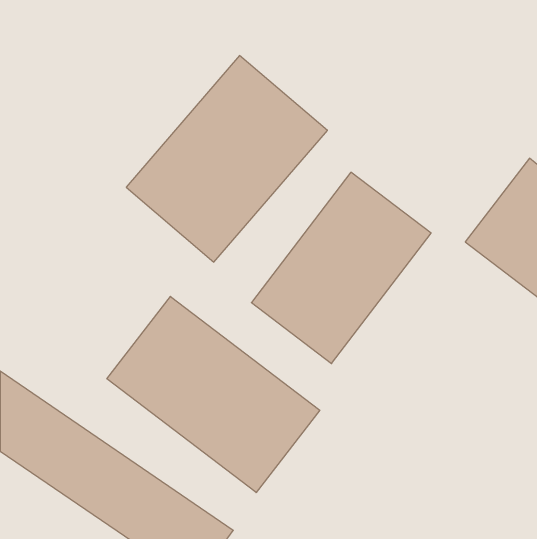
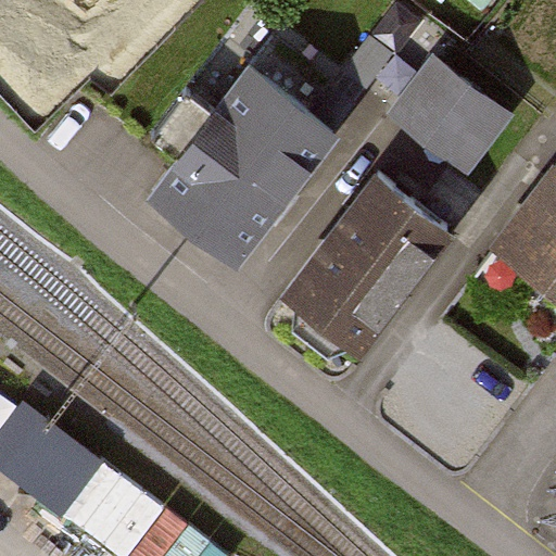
building: none -> [388,62,518,191]
building: [107,296,320,493] -> none

